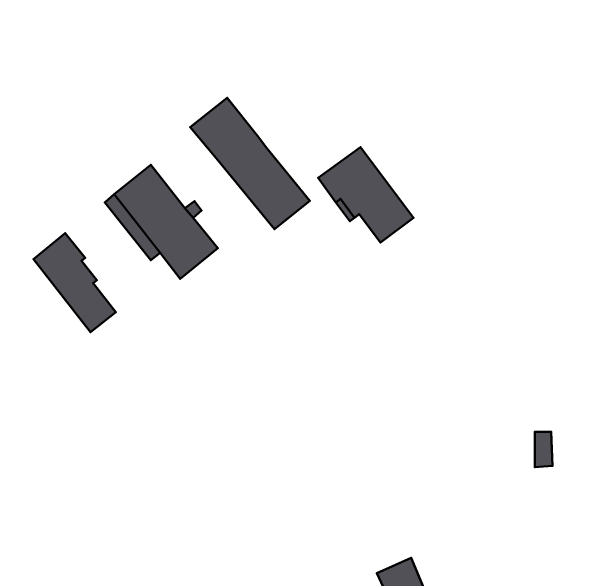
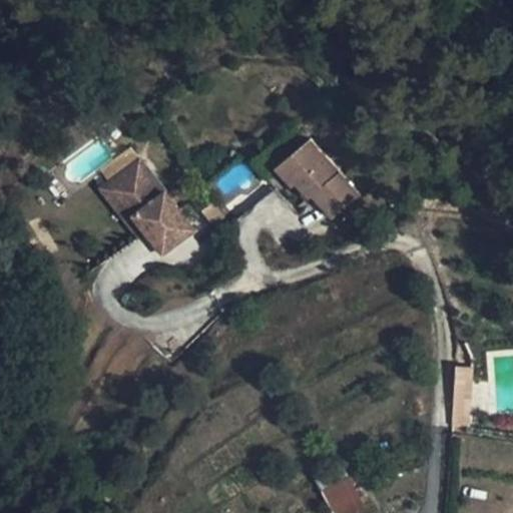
building: [190,98,310,229] -> none
building: [33,233,116,332] -> none

